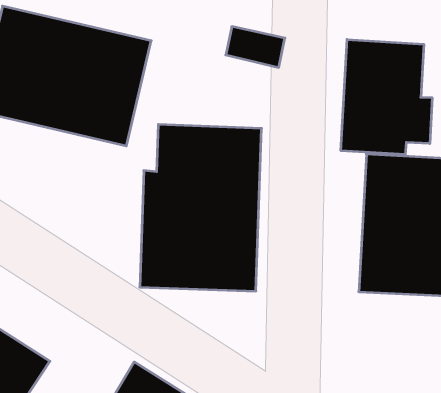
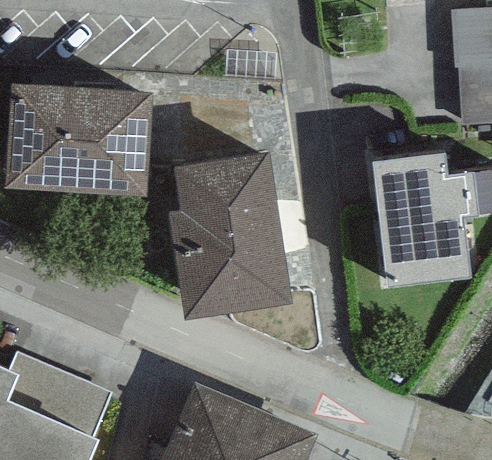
building: [341,39,432,155] -> none

